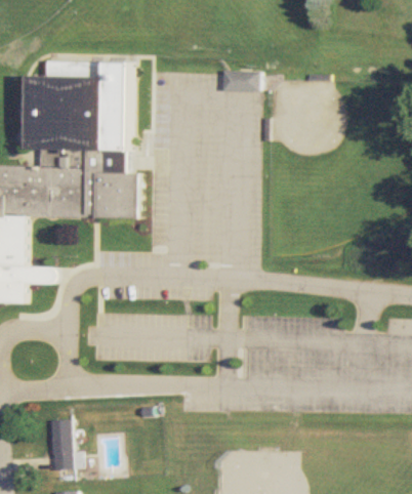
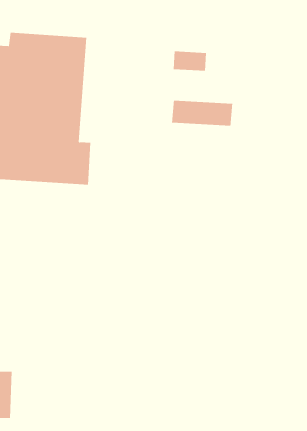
building: none -> [171,100,233,127]

